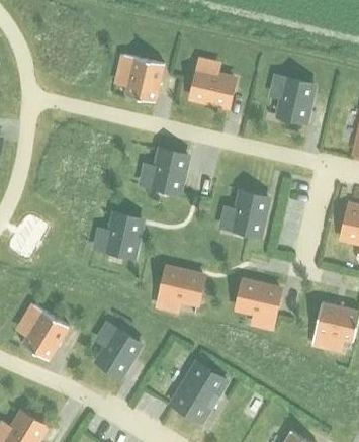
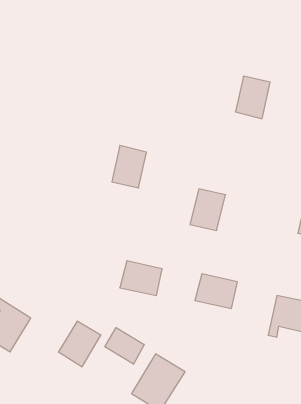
building: [121,55,164,103] -> none
building: [191,71,234,106] -> none
building: [106,214,142,257] -> none
building: none -> [105,328,144,364]

